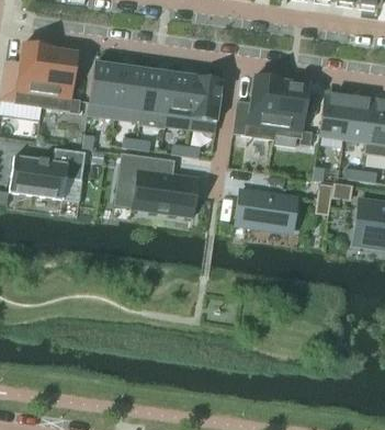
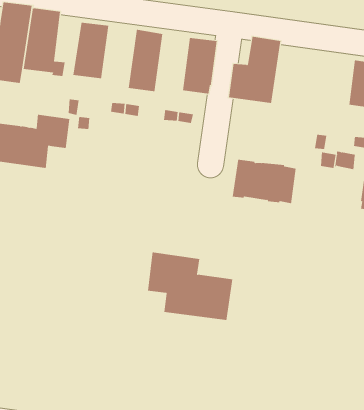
building: [115,65,147,123] -> none
building: [165,72,196,126] -> none
building: [273,79,313,145] -> none
building: [319,93,350,138] -> none
building: [117,151,197,215] -> [147,252,233,320]

